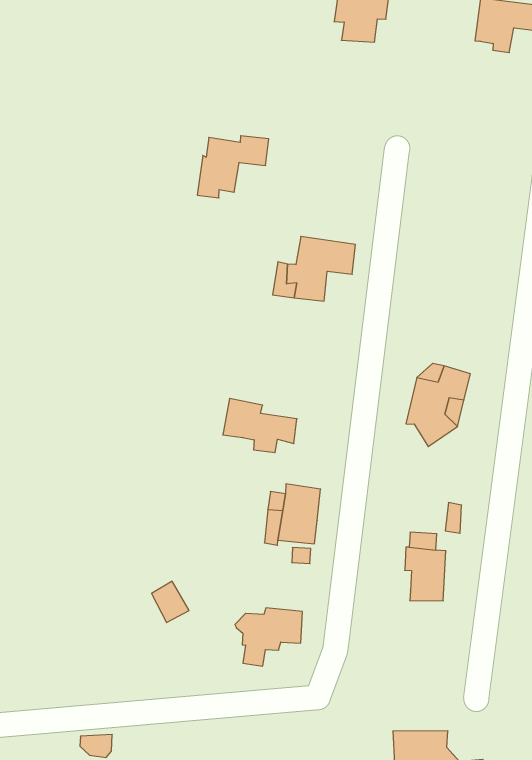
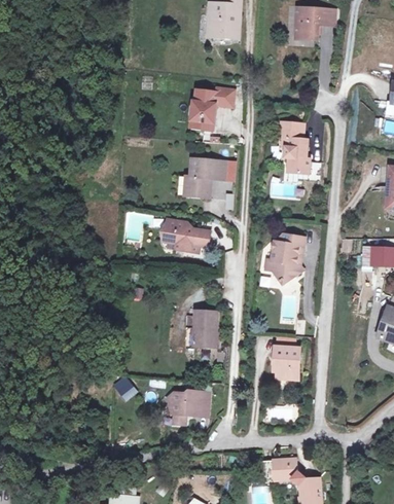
building: [197,136,269,198] -> [190,86,232,125]
building: none -> [282,123,311,174]
building: [223,398,297,453] -> [165,219,210,251]

